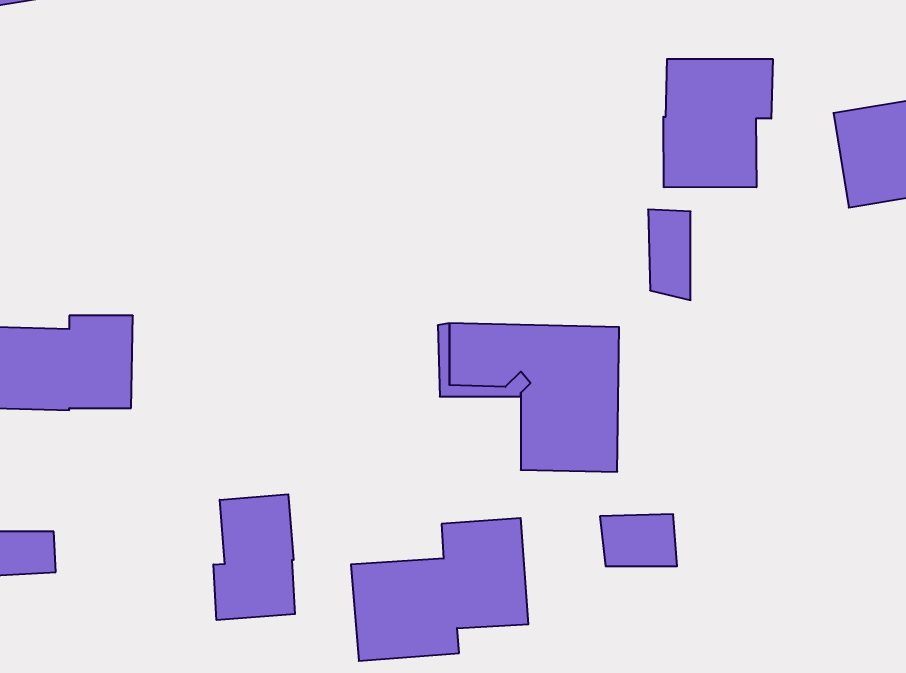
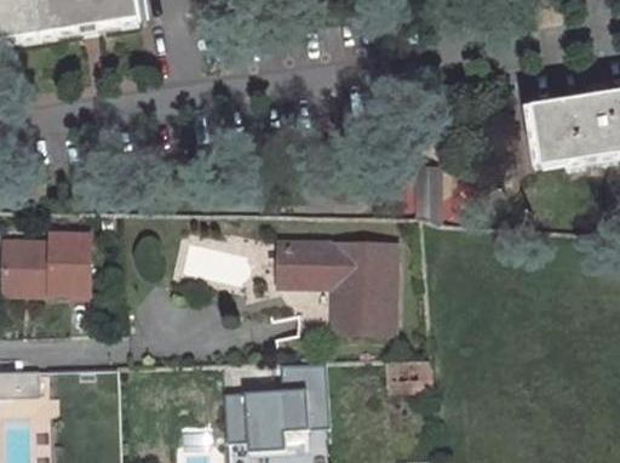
building: [663,59,773,187] -> none
building: [213,494,295,620] -> none

